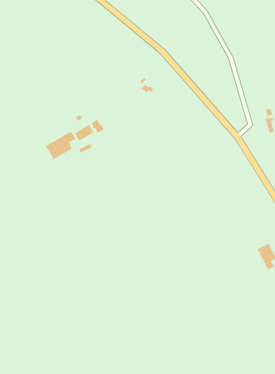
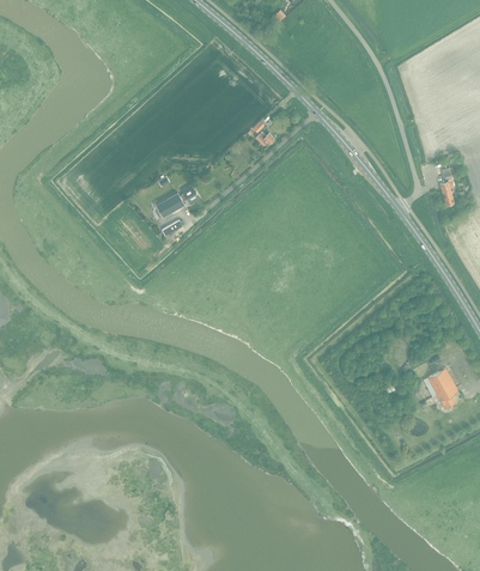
building: [45,130,76,160] -> none

